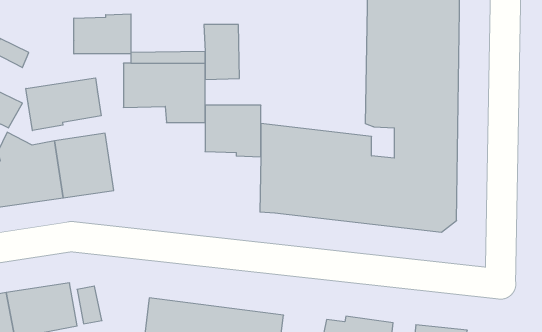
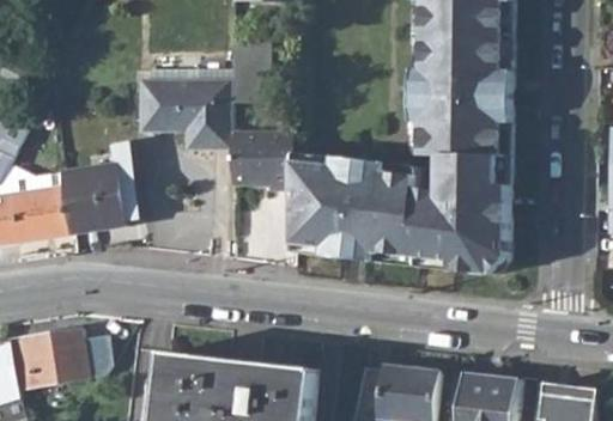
building: [74,14,131,54] -> none
building: [26,78,101,131] -> none

